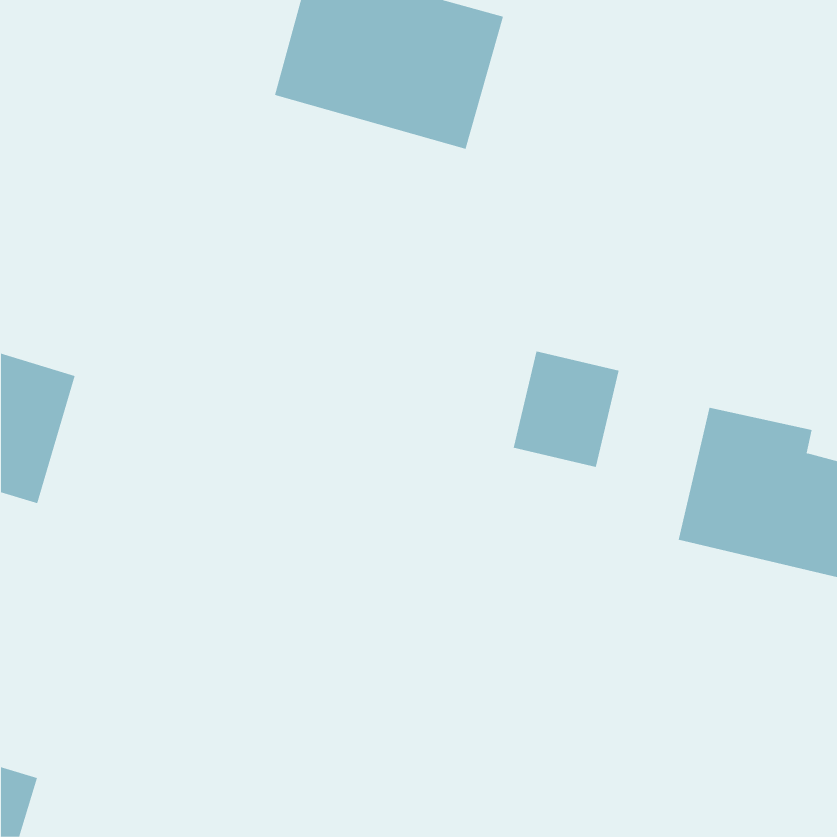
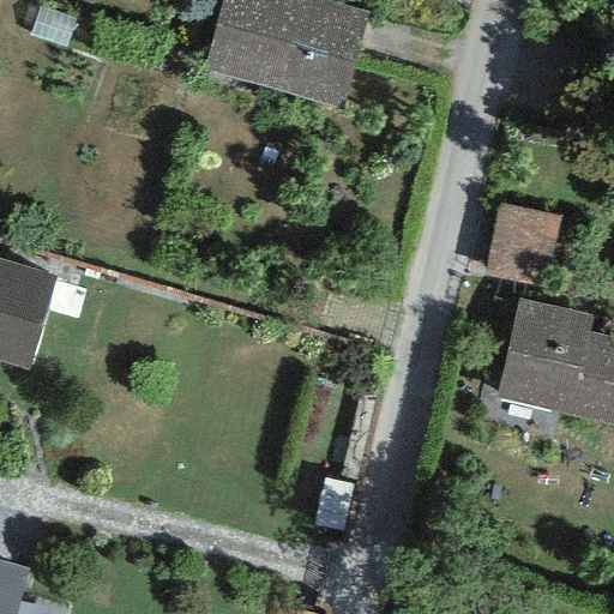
building: [513,351,619,467] -> [483,203,561,288]

